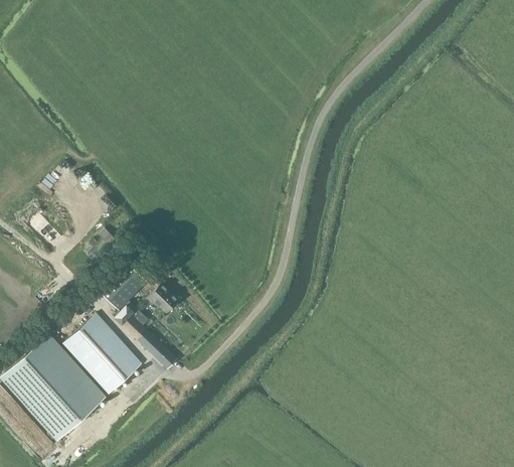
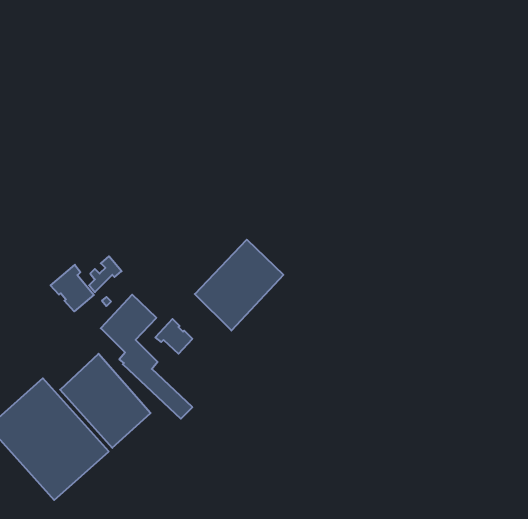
building: none -> [195,240,283,331]
building: none -> [51,265,94,311]

